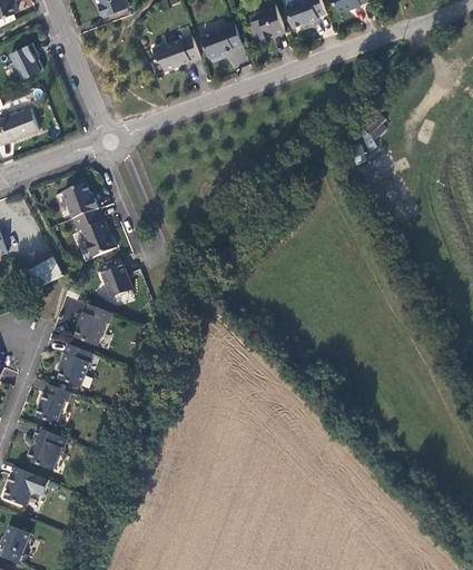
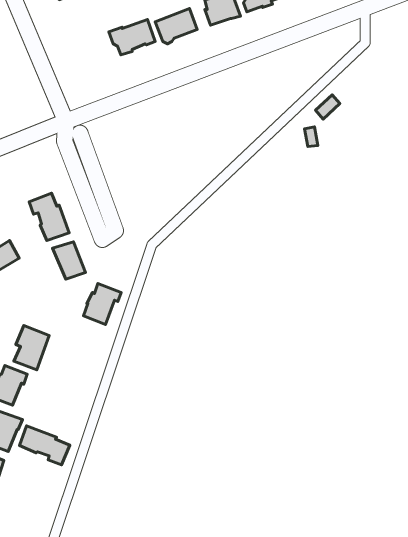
building: [61,183,98,218] -> none
building: [75,304,112,345] -> [84,284,121,325]
building: none -> [19,426,70,465]

